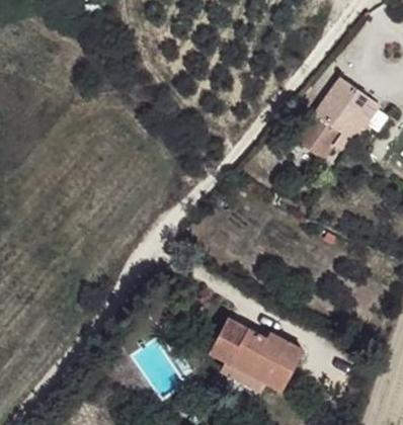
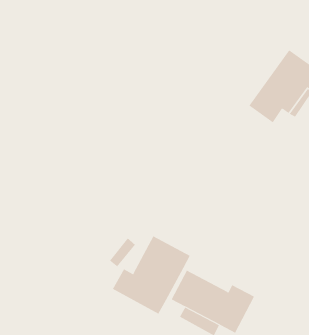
building: none -> [112,235,190,315]

